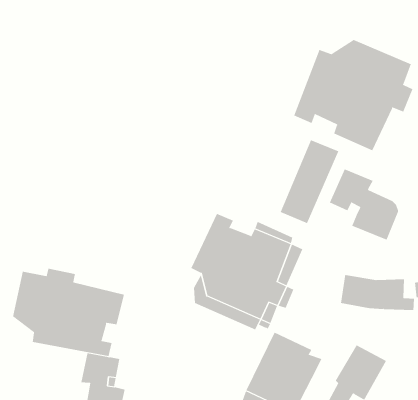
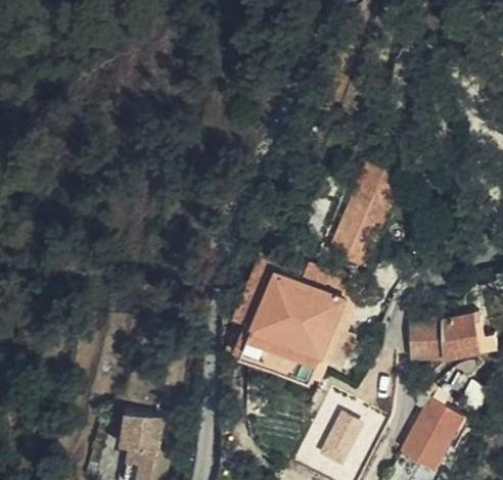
building: [294,39,413,151] -> none
building: [329,169,399,241] -> none
building: [13,268,124,357] -> none

